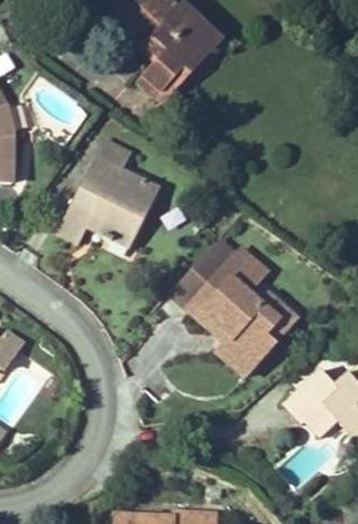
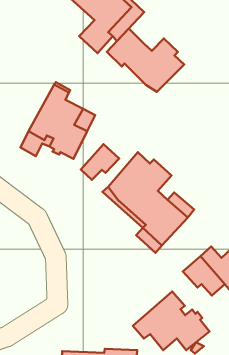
building: none -> [107,29,184,92]
building: none -> [81,144,119,180]
building: none -> [133,292,209,350]

